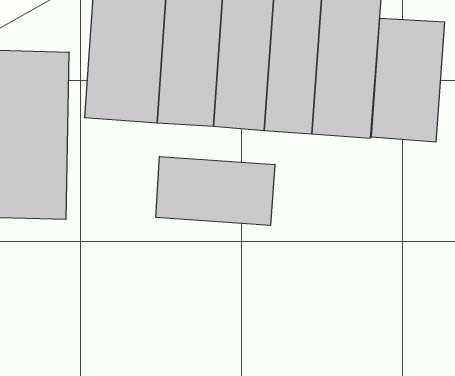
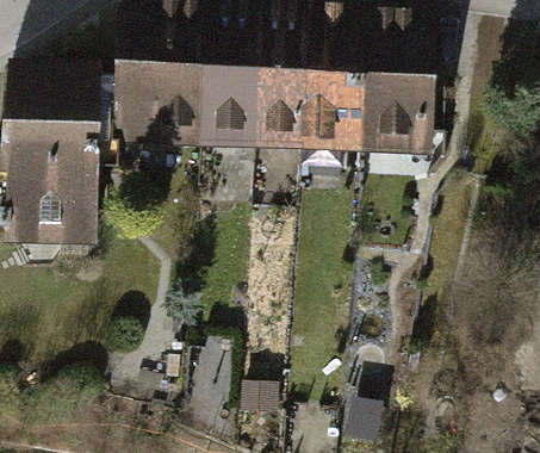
building: [372,18,444,142] -> none
building: [156,156,275,225] -> none

